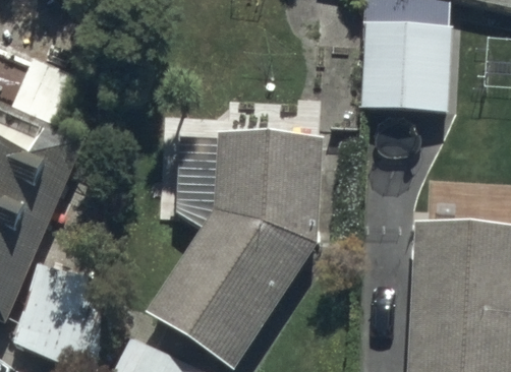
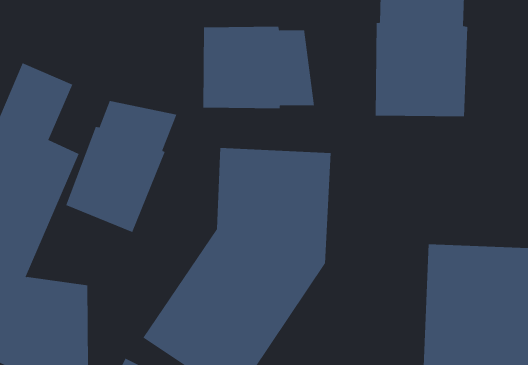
building: none -> [203,26,315,109]
building: none -> [65,100,177,233]

